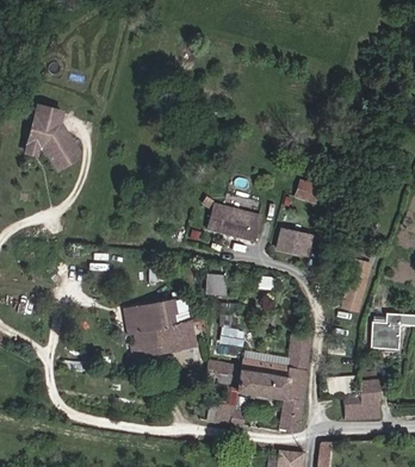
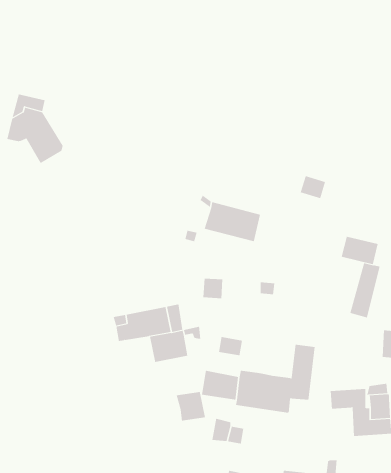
building: [277,229,311,255] -> [341,236,379,265]
building: [135,328,162,355] -> [176,391,206,421]
building: [280,385,304,430] -> none

